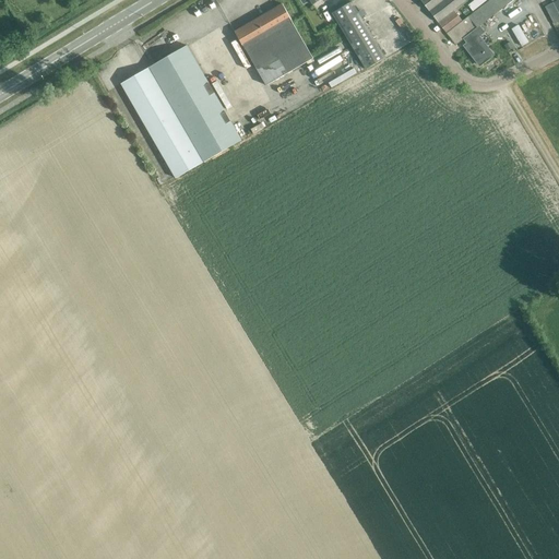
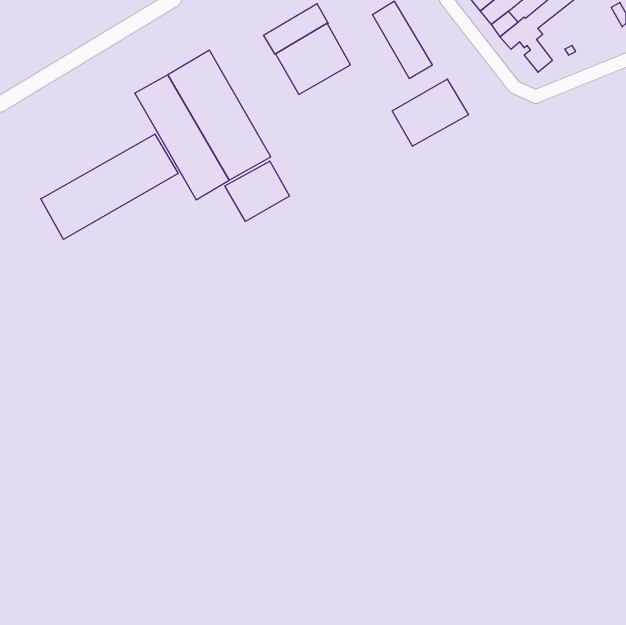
building: none -> [392,79,468,146]
building: none -> [41,134,178,239]
building: none -> [225,161,290,221]

